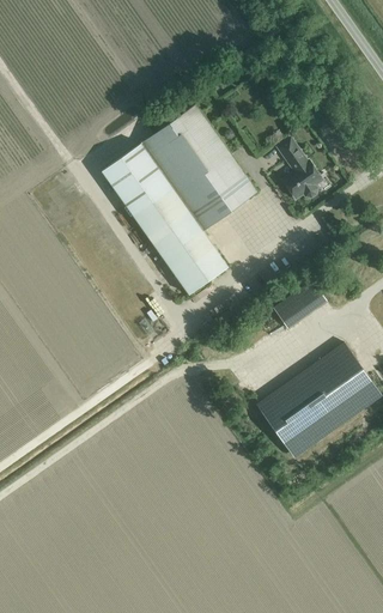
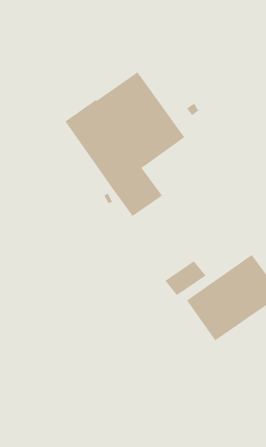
building: [278,139,320,200] -> none
building: [274,283,328,328] -> [165,261,206,296]

